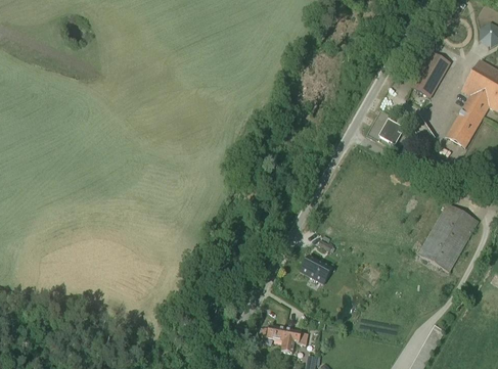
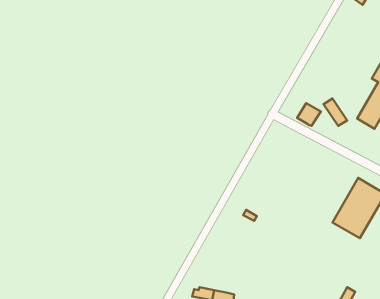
building: [413,51,451,95] -> none
building: [301,256,332,284] -> none

